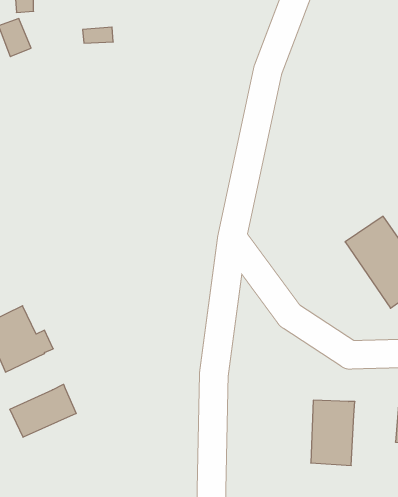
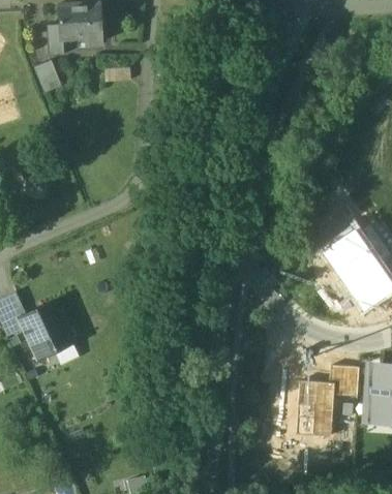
building: none -> [330,368,360,398]
building: [10,384,76,437] -> none

